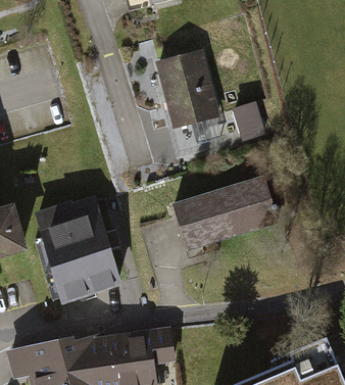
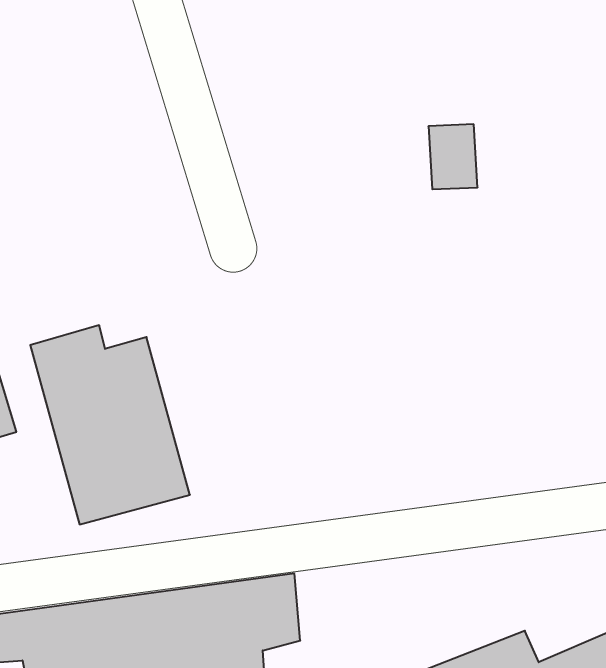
building: [153,47,217,126] -> none
building: [172,178,276,252] -> none

